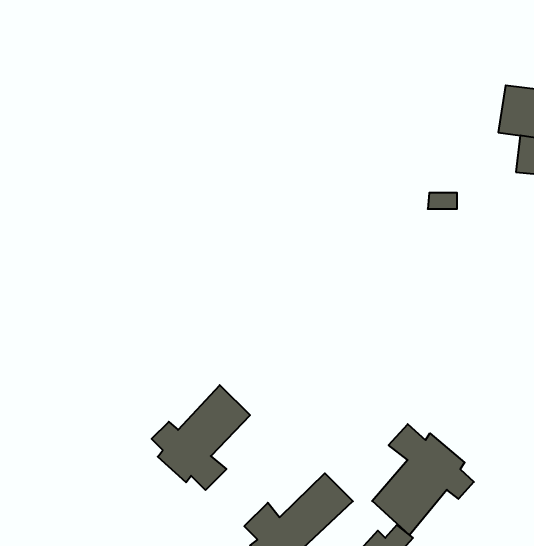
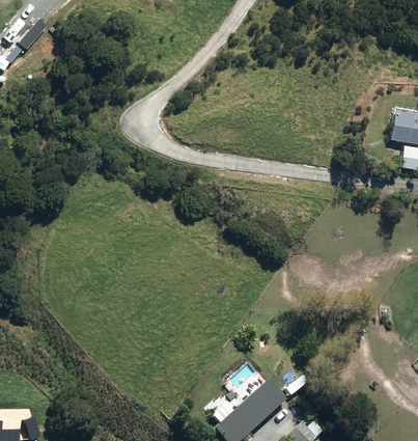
building: [152,385,250,490] -> none
building: [372,424,474,535] -> none

